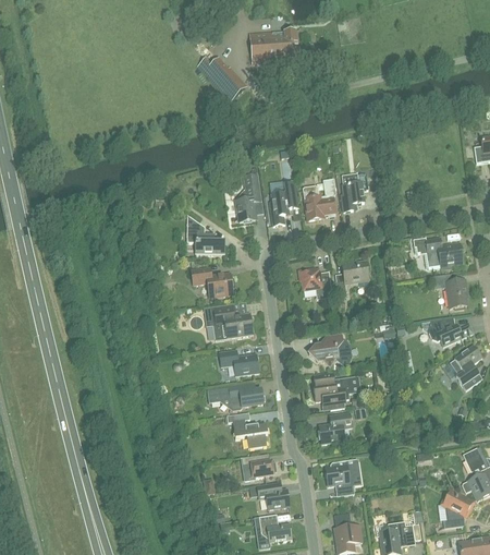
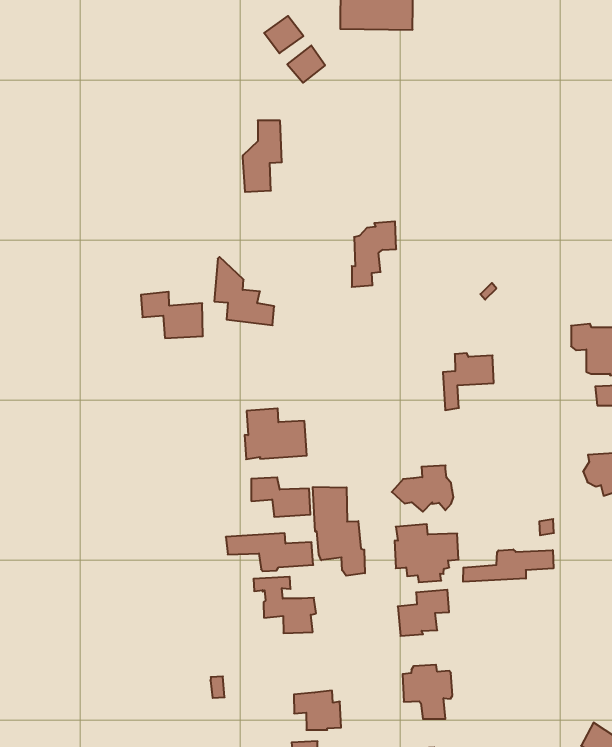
building: [341,172,368,210] -> none
building: [236,174,261,221] -> [243,120,282,192]
building: [303,178,336,220] -> none
building: [191,267,232,297] -> [141,292,203,338]
building: [299,268,332,299] -> none
building: none -> [313,487,365,576]
building: none -> [463,549,553,582]
building: [241,455,277,479] -> none

